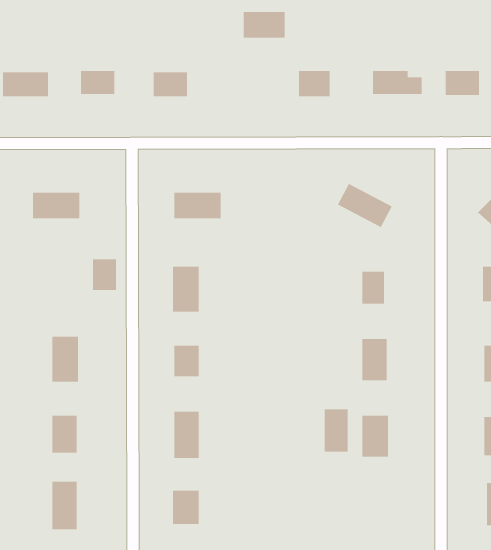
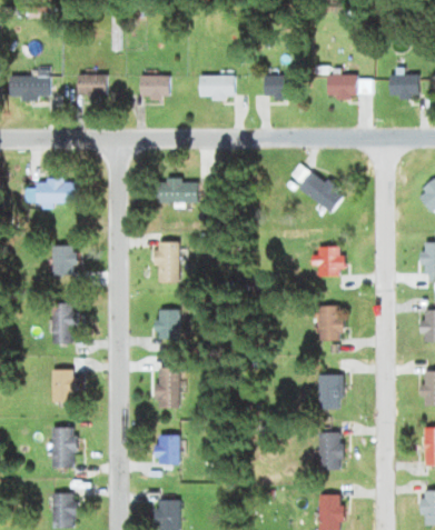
building: [243,11,285,39] -> [199,74,236,98]
building: [92,258,117,291] -> [53,246,75,273]
building: [324,409,348,453] -> [319,432,340,470]

